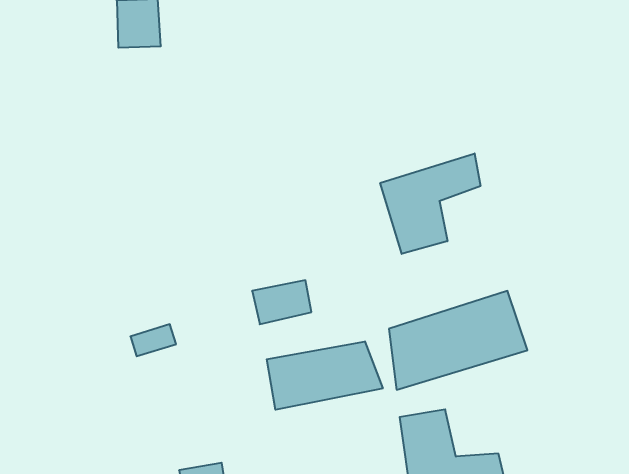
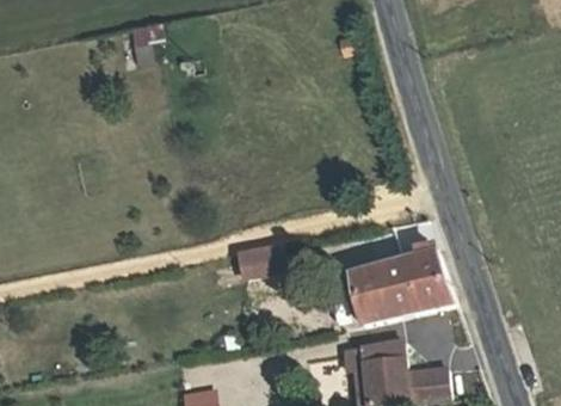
building: [380,153,480,254] -> none
building: [267,341,383,410] -> none

